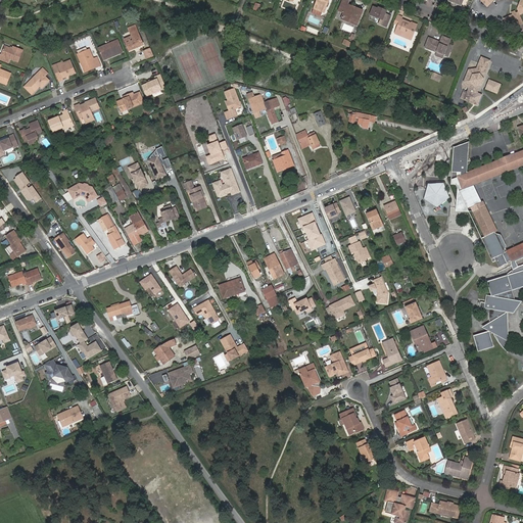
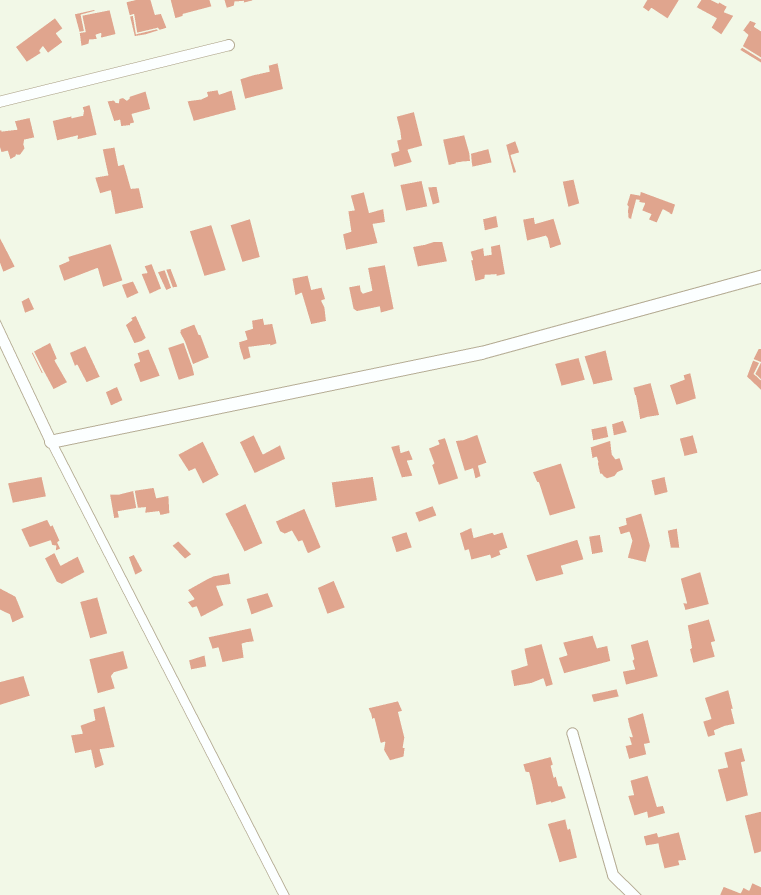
building: none -> [94,147,144,215]
building: [297,211,325,248] -> none
building: [297,363,320,394] -> [368,701,406,761]
building: none -> [70,706,115,769]

